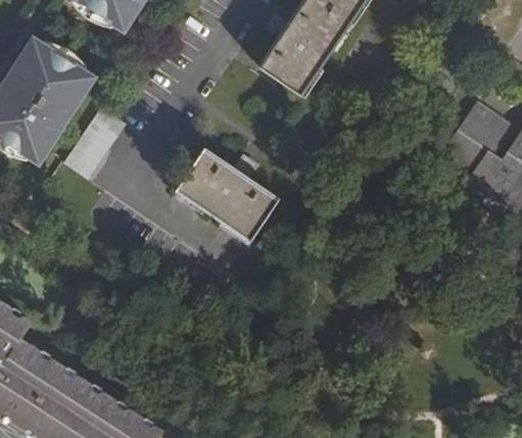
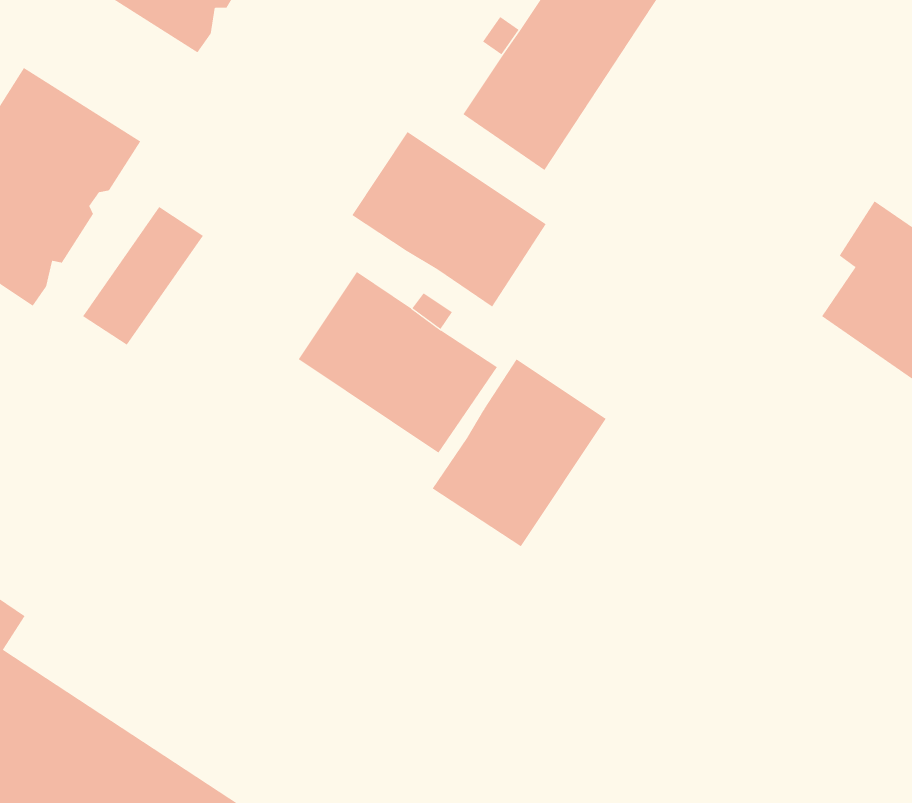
building: none -> [351,131,547,308]
building: none -> [432,359,607,547]

